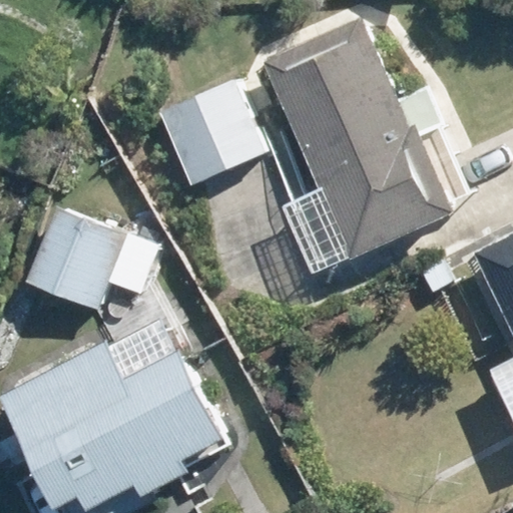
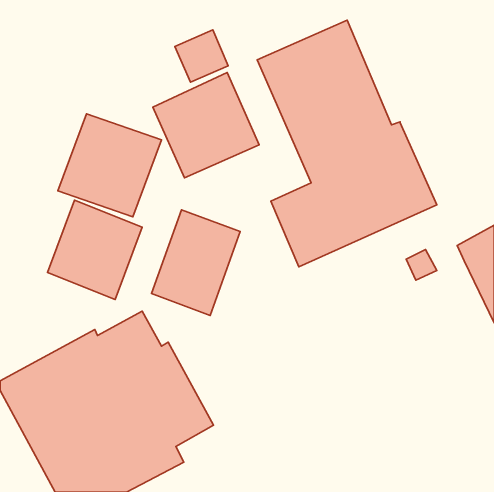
building: none -> [58,114,161,217]
building: none -> [152,210,240,315]

